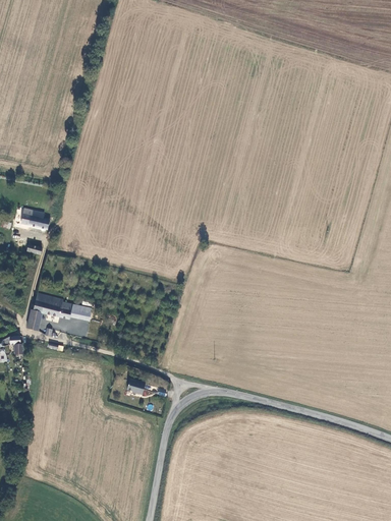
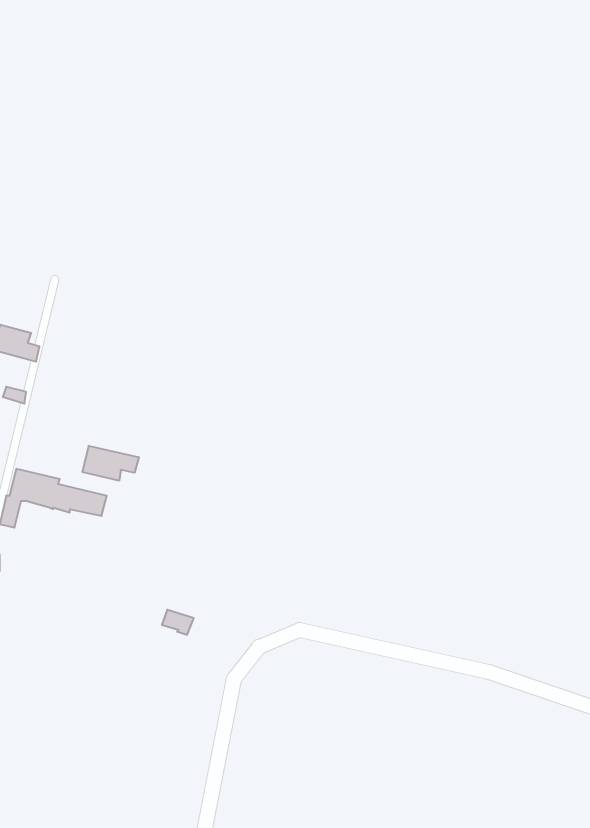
building: none -> [83,446,139,481]

